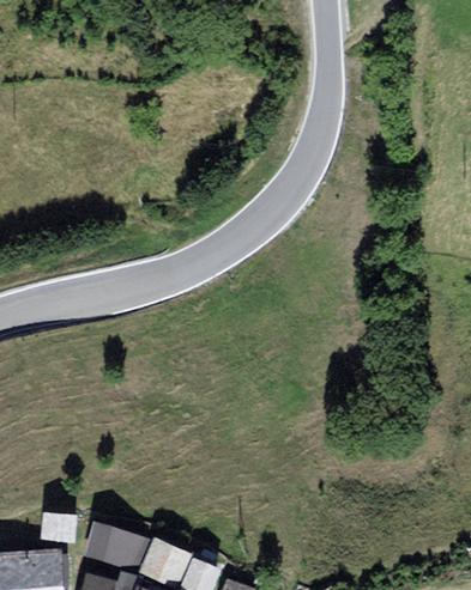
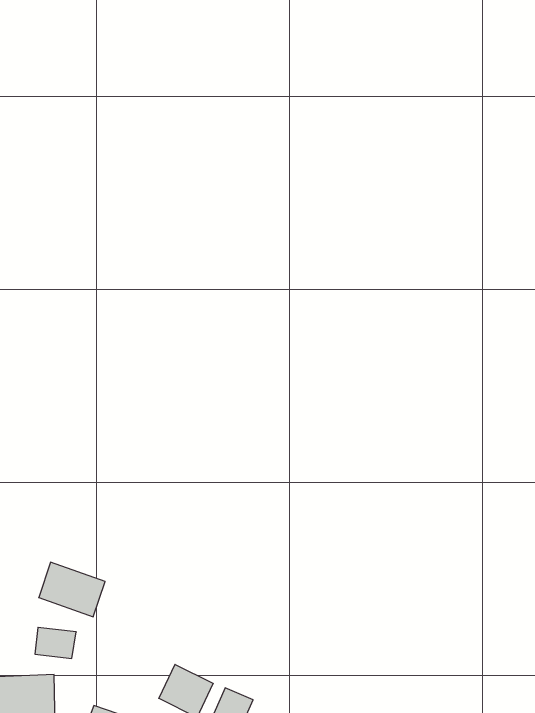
building: [89,524,143,568] -> [39,562,105,617]

